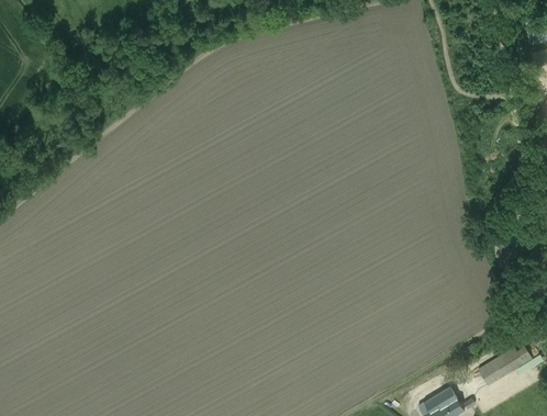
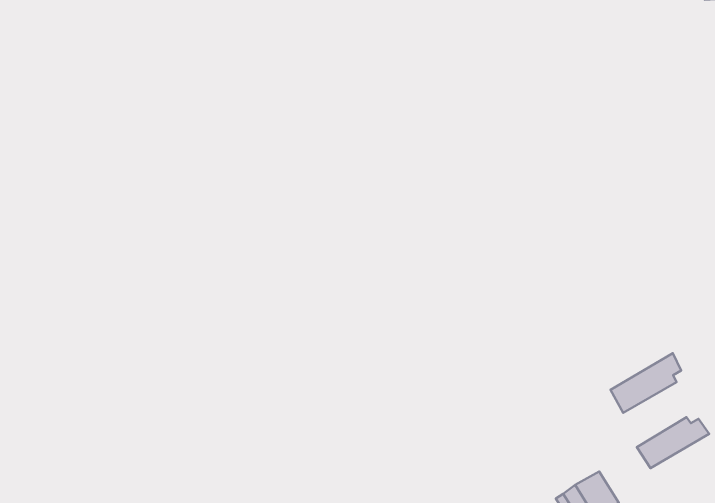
building: none -> [611,353,681,413]

